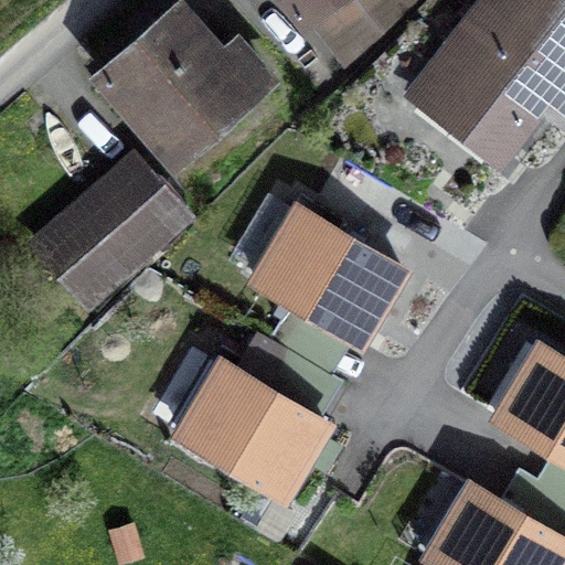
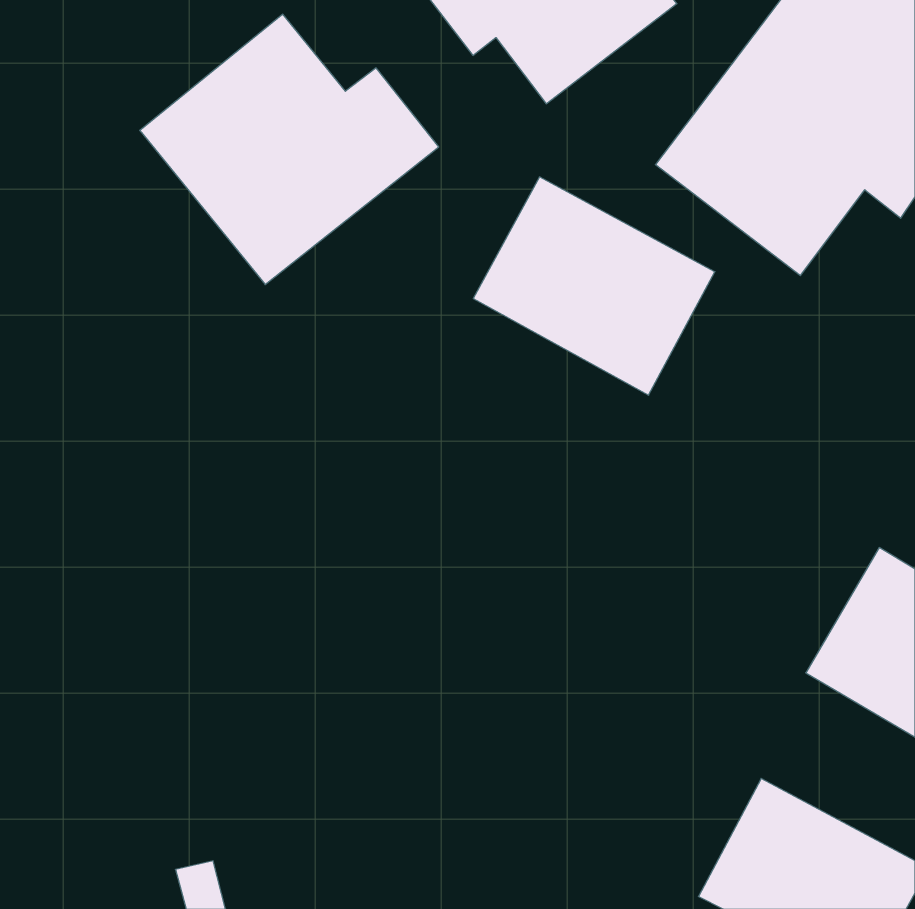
building: [26,161,185,315] -> none
building: [256,203,405,338] -> [473,177,715,395]
building: [177,358,323,490] -> none

